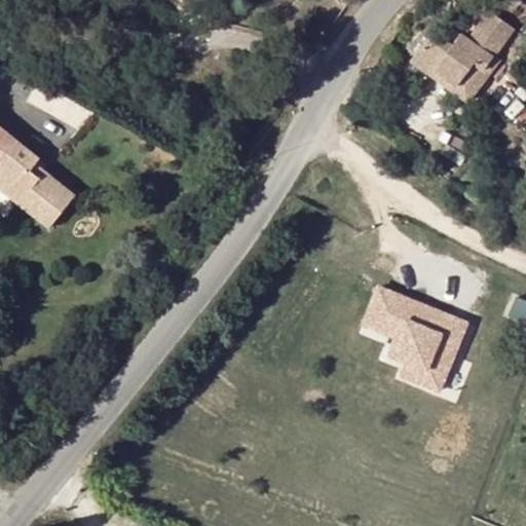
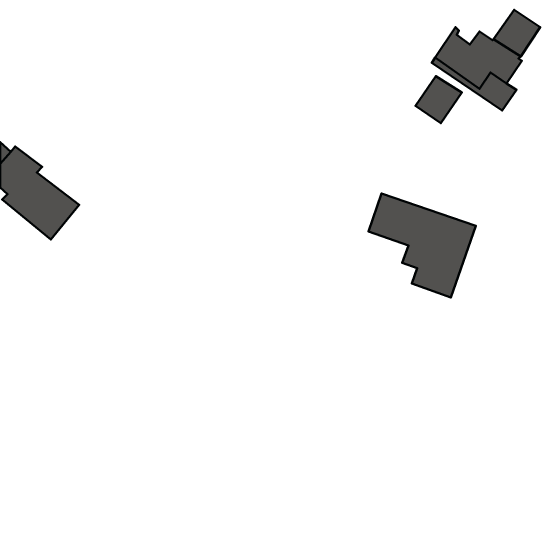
building: none -> [415,76,462,123]
building: [350,290,452,388] -> [368,193,476,298]

